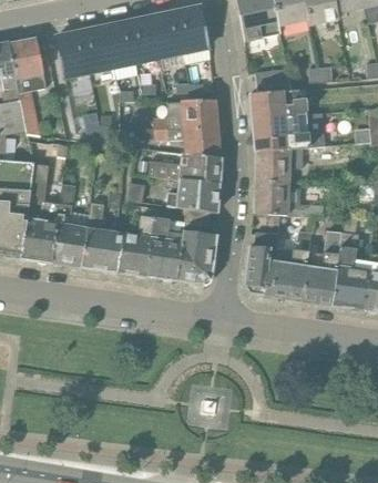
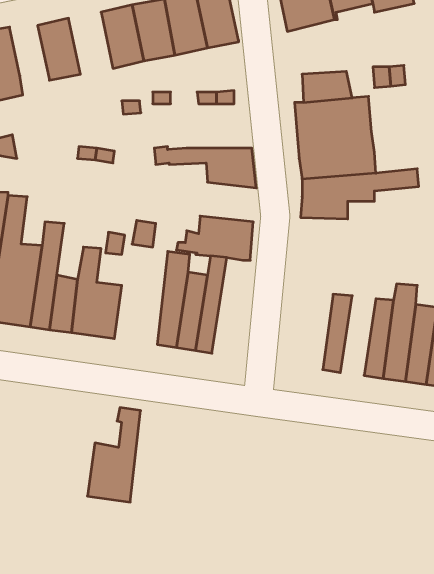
building: [80,25,113,72] -> none
building: [181,100,217,127] -> none
building: [149,153,221,183] -> none
building: [254,179,324,216] -> none
building: [114,204,154,275] -> [87,408,141,502]
building: [187,209,216,284] -> none
building: [245,230,279,294] -> none
building: [284,230,311,298] -> none

